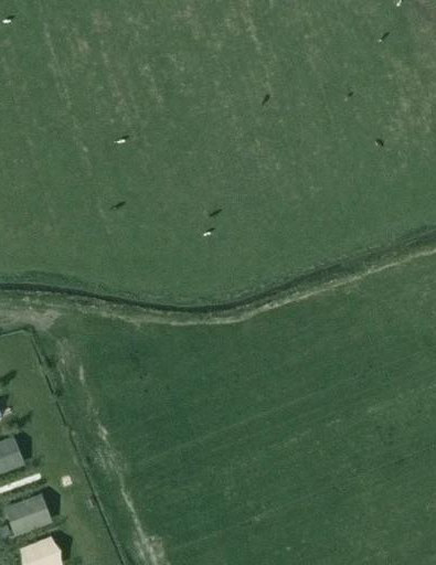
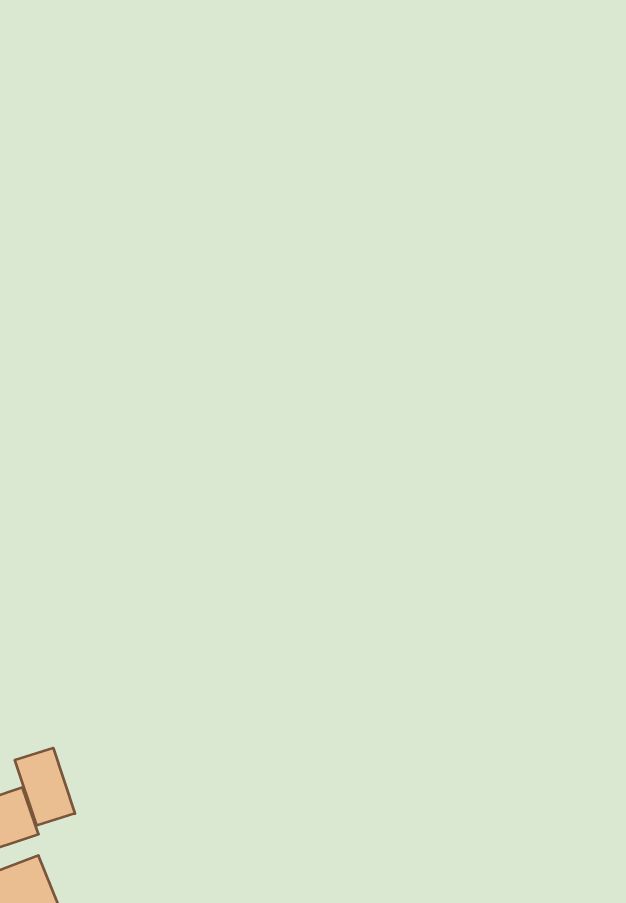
building: none -> [15,748,75,826]

